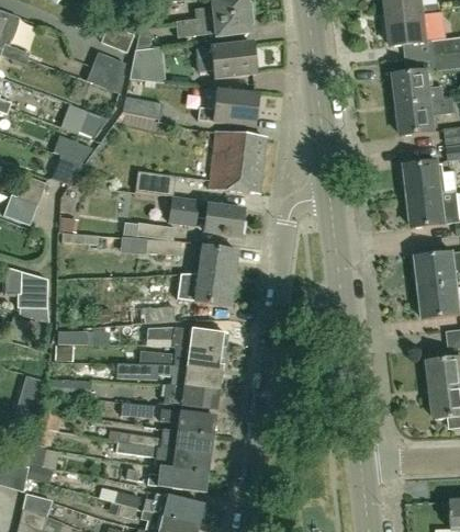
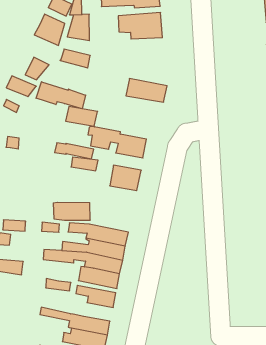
building: [198,89,258,126] -> none
building: none -> [36,82,86,109]
building: [207,154,262,193] -> none
building: [193,274,234,306] -> none
building: [116,429,212,454] -> none

